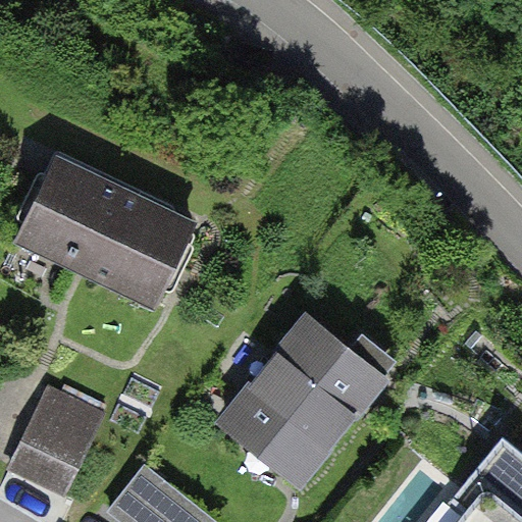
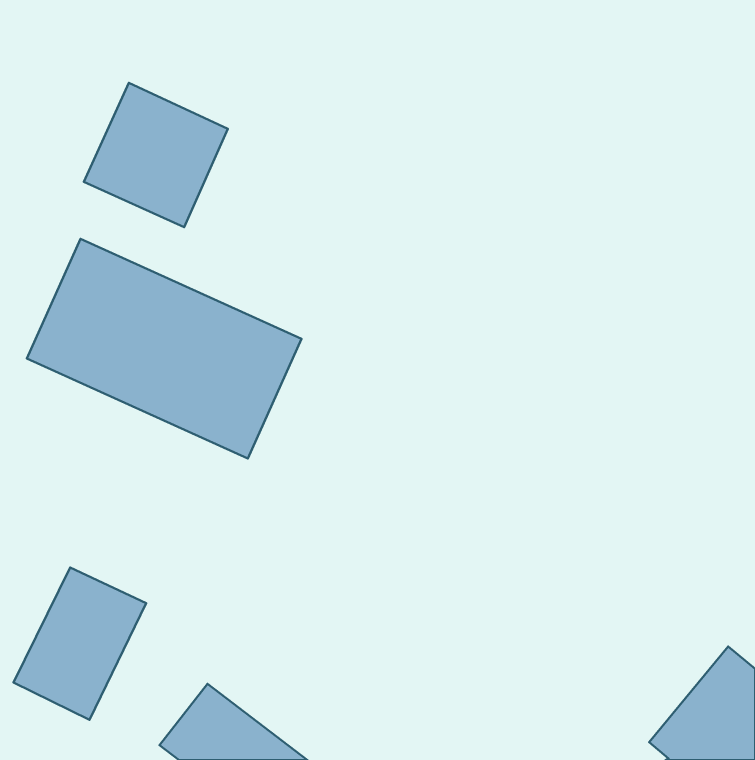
building: none -> [84,83,228,227]
building: [225,321,376,477] -> none

